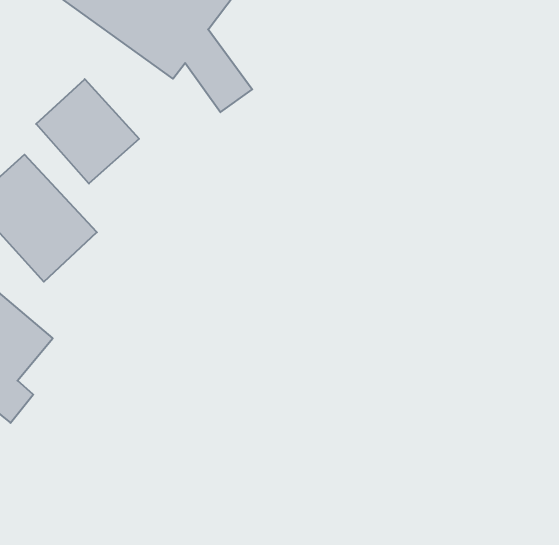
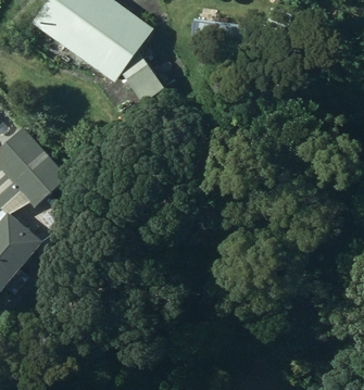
building: [36,79,139,184] -> none

